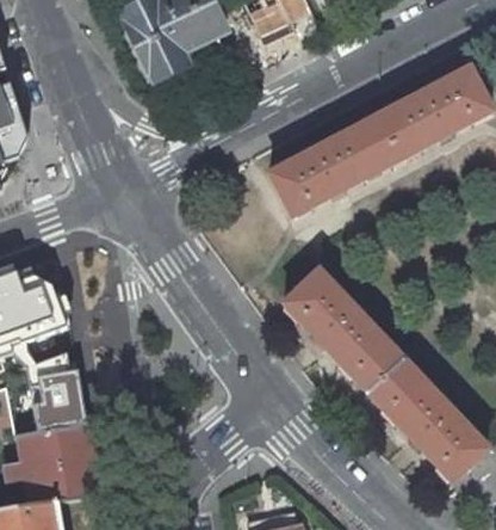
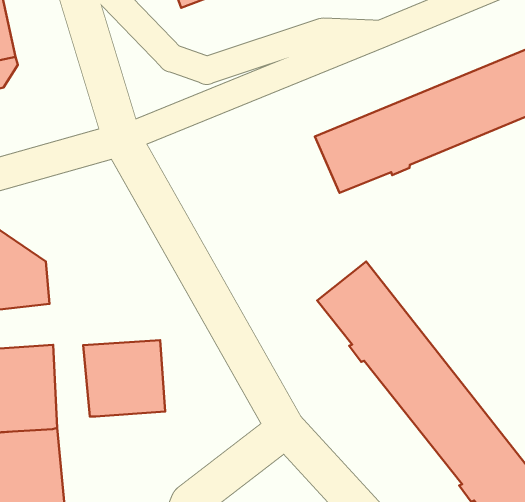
building: none -> [83,340,165,417]

